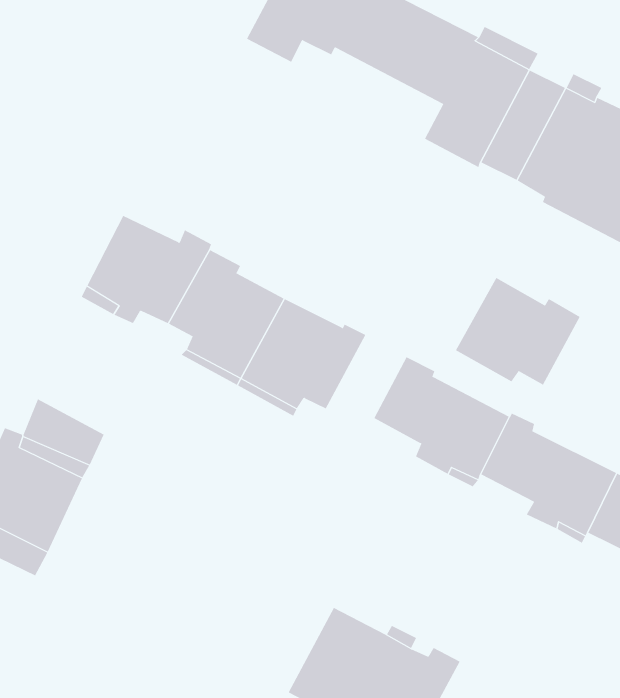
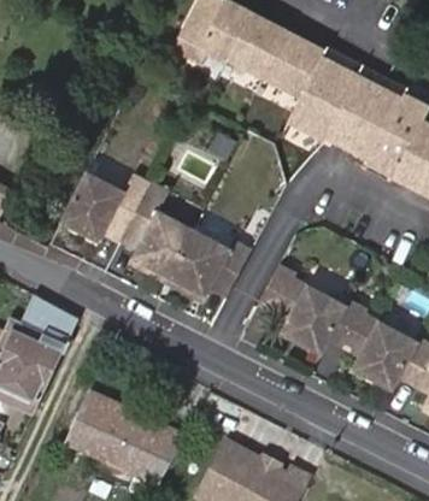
building: [455,277,580,386] -> none
building: none -> [69,391,184,483]

